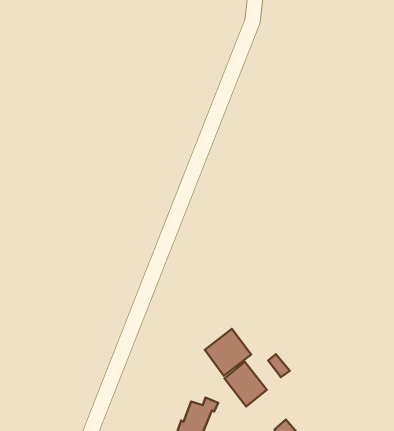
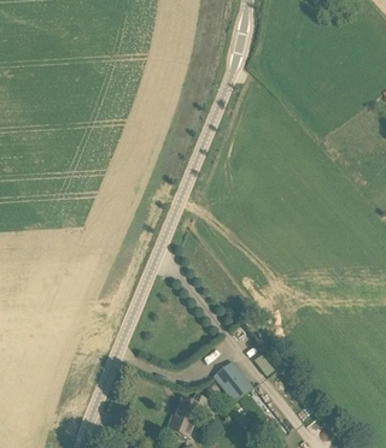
building: [205,329,251,376] -> none

